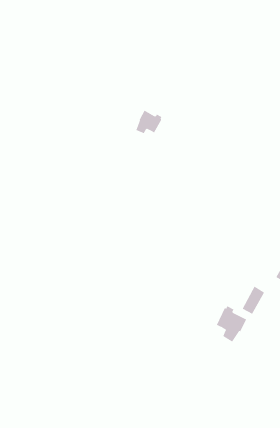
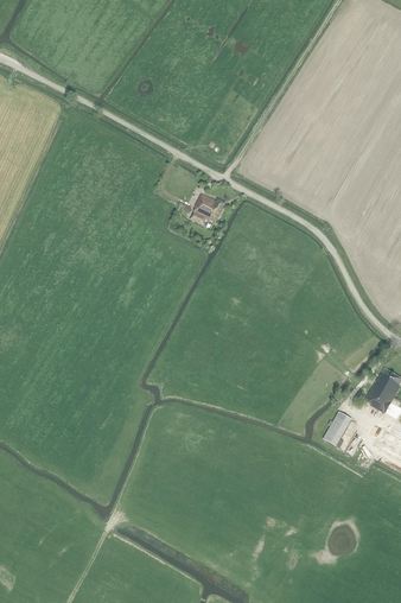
building: [216,306,247,342] -> none

